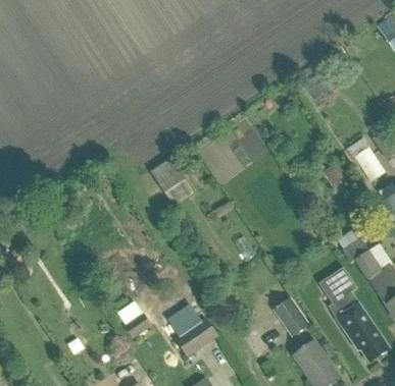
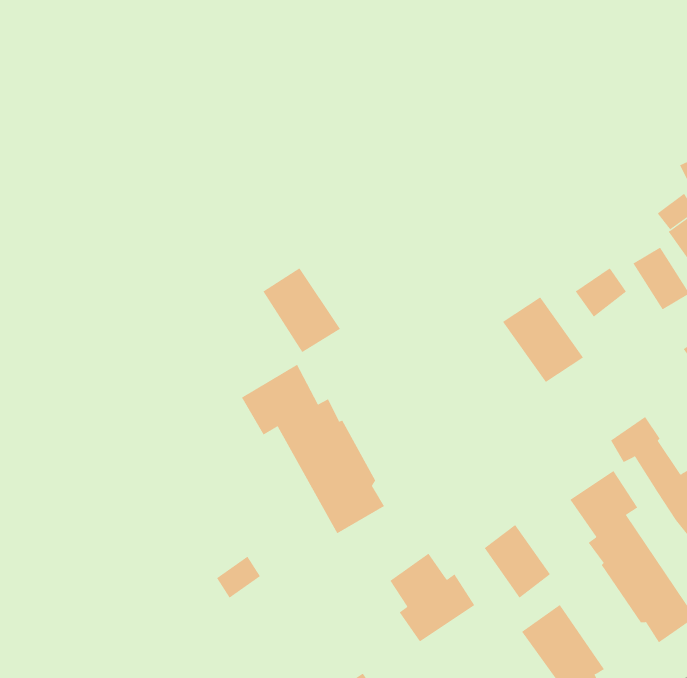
building: none -> [502,297,584,383]
building: none -> [241,364,385,534]
building: [170,307,217,355] -> [390,553,475,642]

